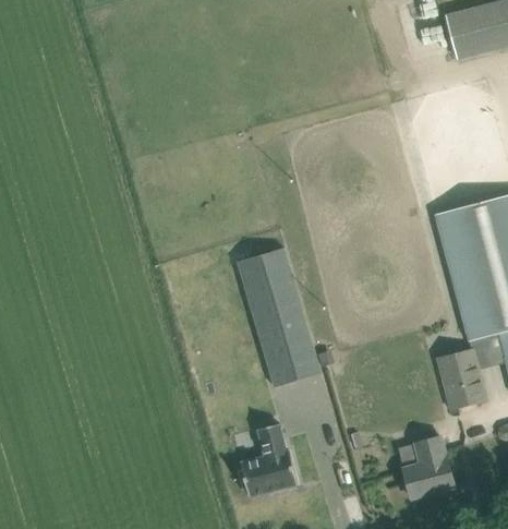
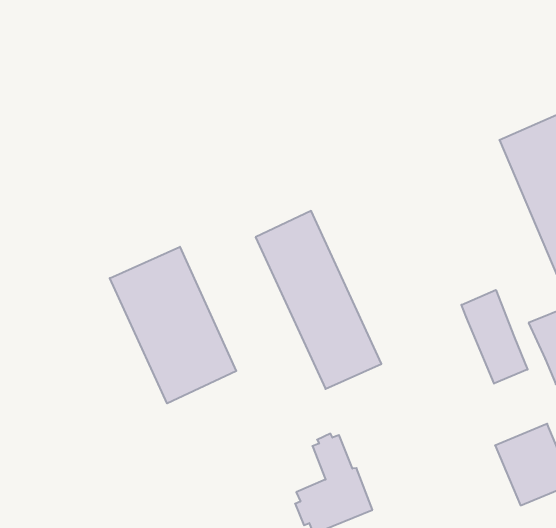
building: none -> [110,247,236,403]
building: none -> [461,290,528,384]

